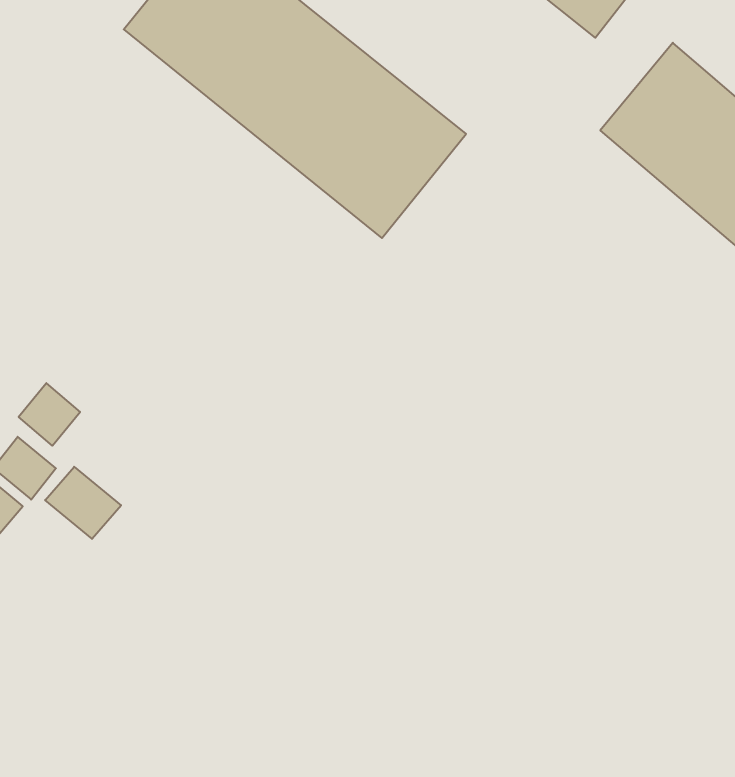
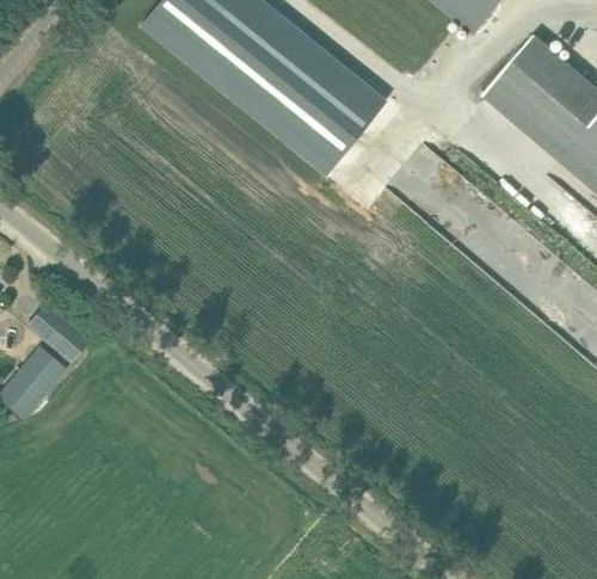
building: [19,383,80,446] -> none
building: [45,467,121,539] -> none

